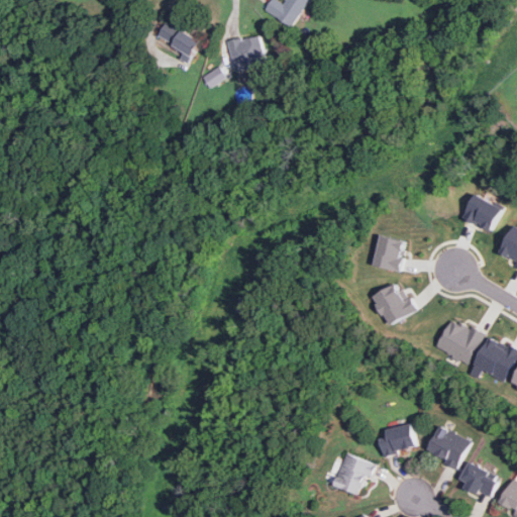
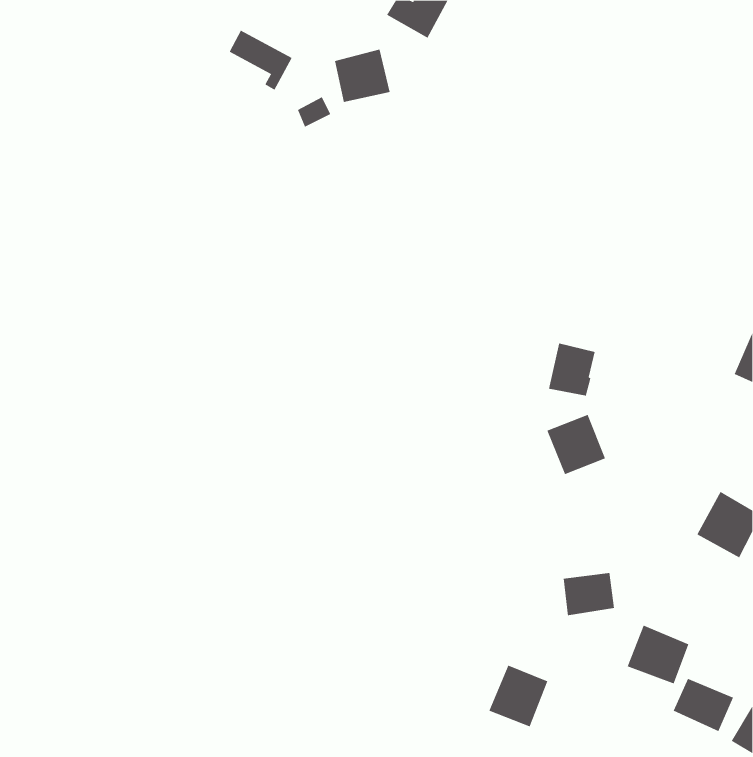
building: [463,194,503,231] -> none
building: [434,319,485,365] -> none
building: [380,424,415,453] -> [563,573,615,616]

